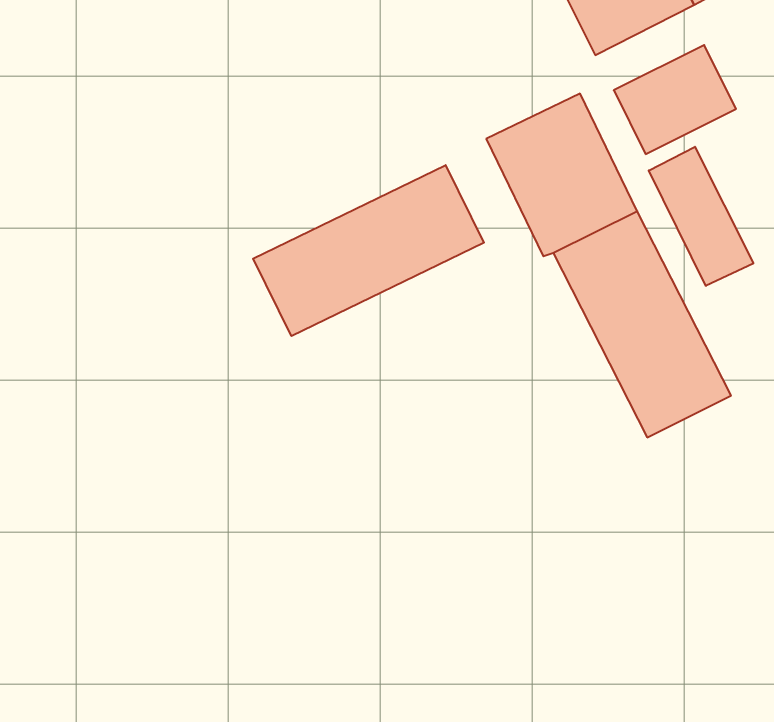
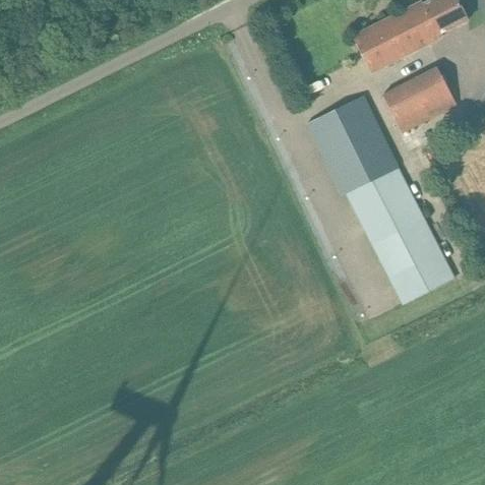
building: [649,147,753,286] -> none
building: [253,165,484,336] -> none

